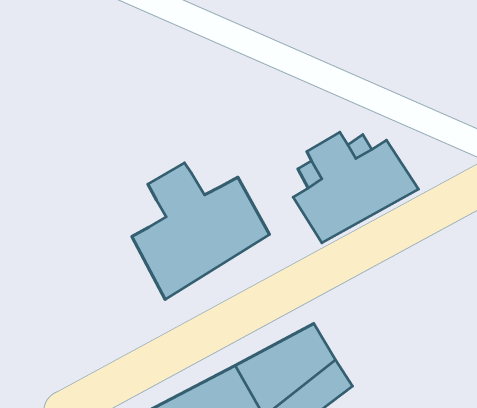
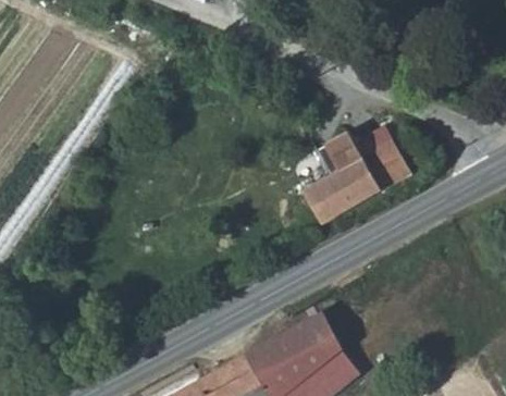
building: [132,163,269,300] -> none

